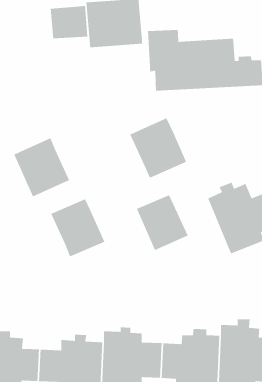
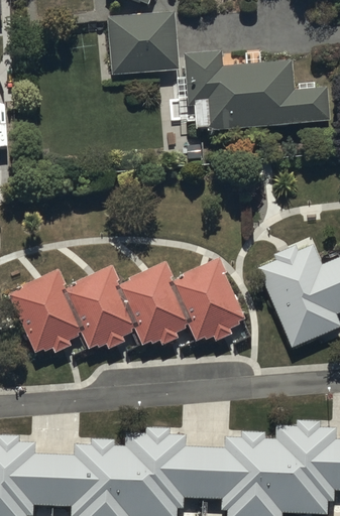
building: [50,5,88,39] -> none
building: [129,117,187,179] -> [115,263,188,341]
building: [13,137,70,197] -> [10,273,82,349]

